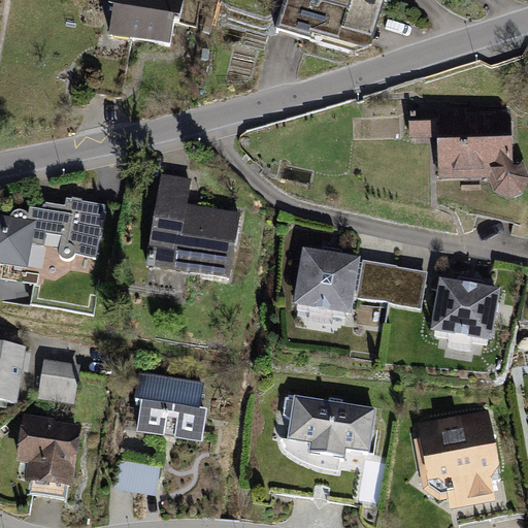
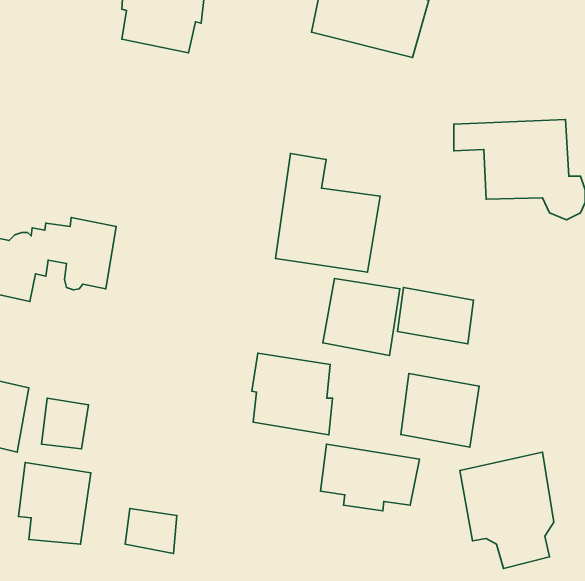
building: [146,171,240,277] -> [275,154,380,272]
building: [429,278,499,344] -> [401,374,479,447]
building: [134,371,206,444] -> [252,353,332,435]

